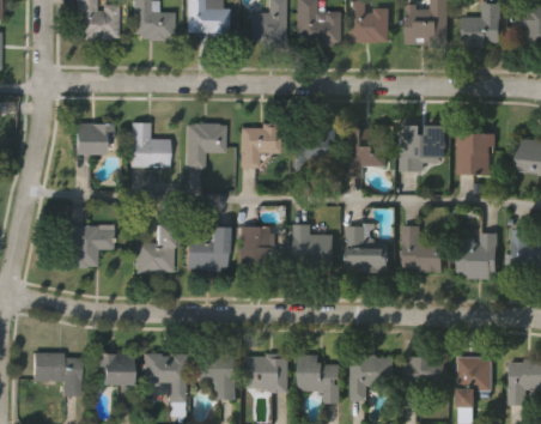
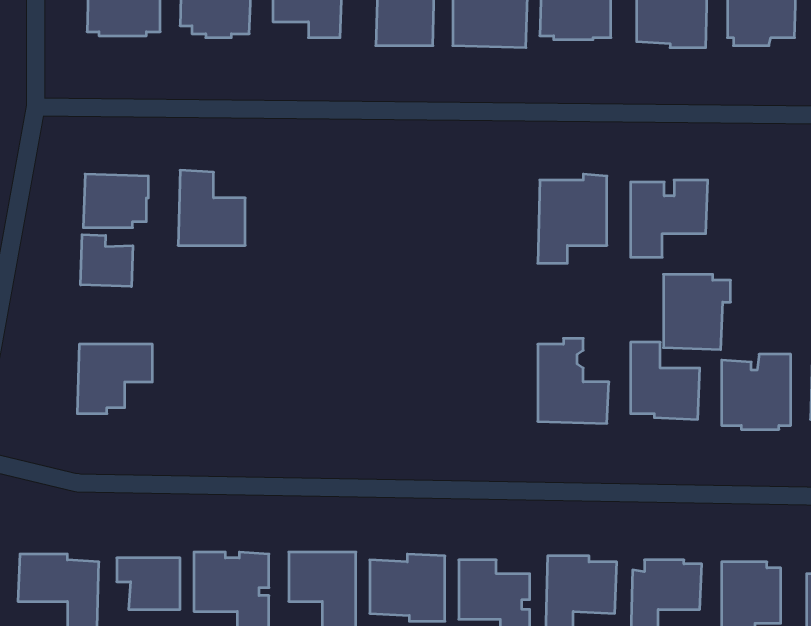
building: [184,121,226,169] -> none
building: [238,121,280,168] -> none
building: [294,122,338,172] -> none
building: [457,132,498,177] -> [663,274,731,350]
building: none -> [81,235,133,287]
building: [294,223,334,264] -> none
building: [136,224,174,274] -> none
building: [184,224,226,273] -> none
building: [239,225,278,271] -> none

